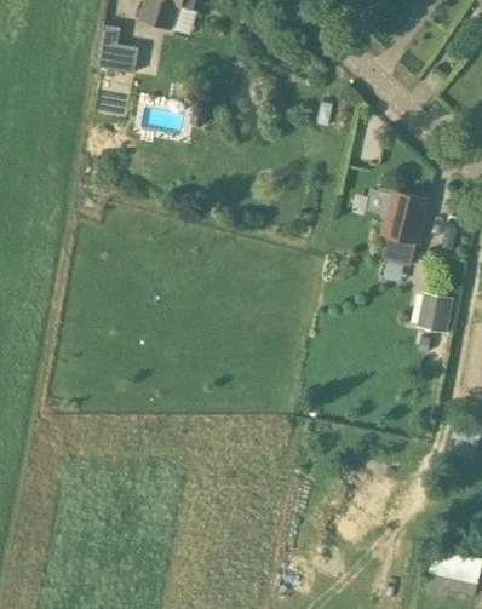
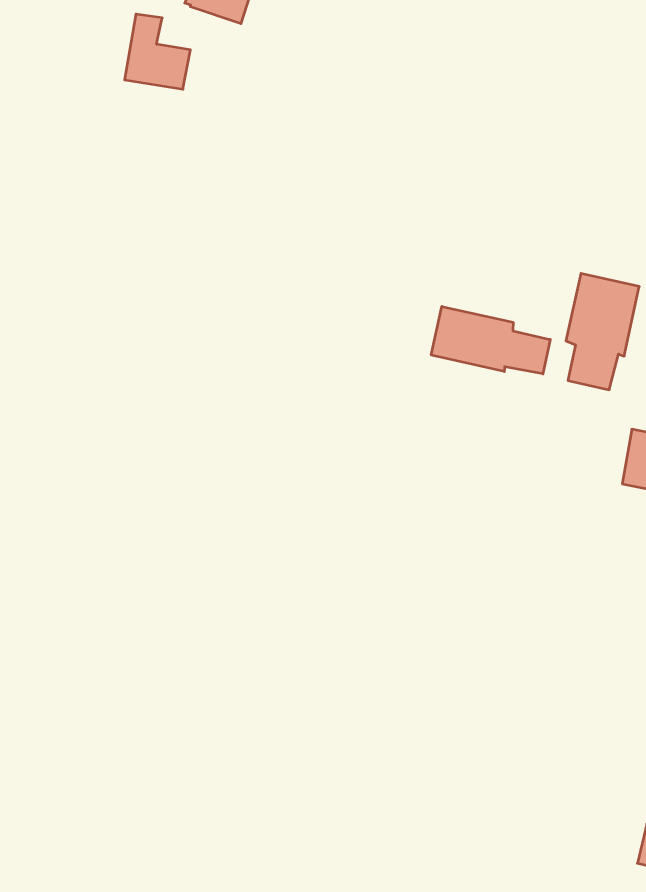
building: none -> [431,306,550,374]

